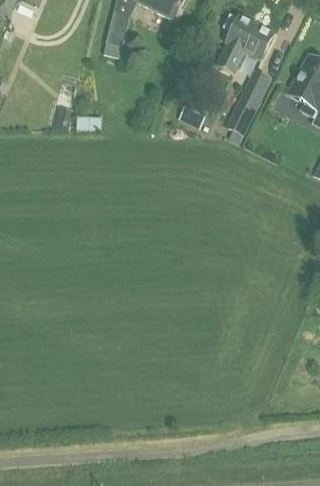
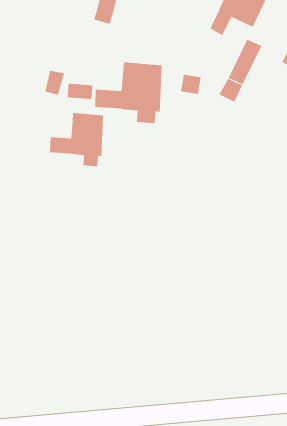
building: none -> [95,62,162,124]
building: none -> [49,112,104,167]

